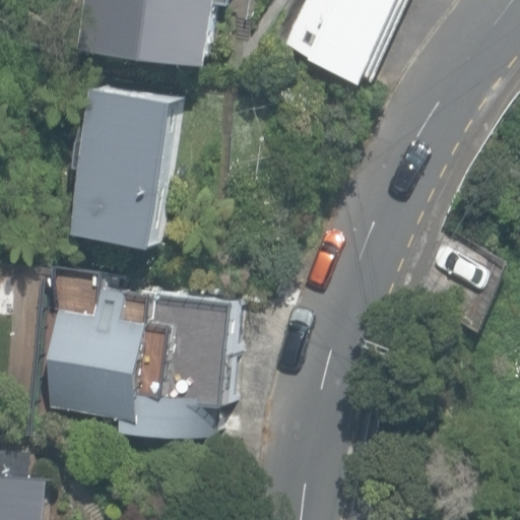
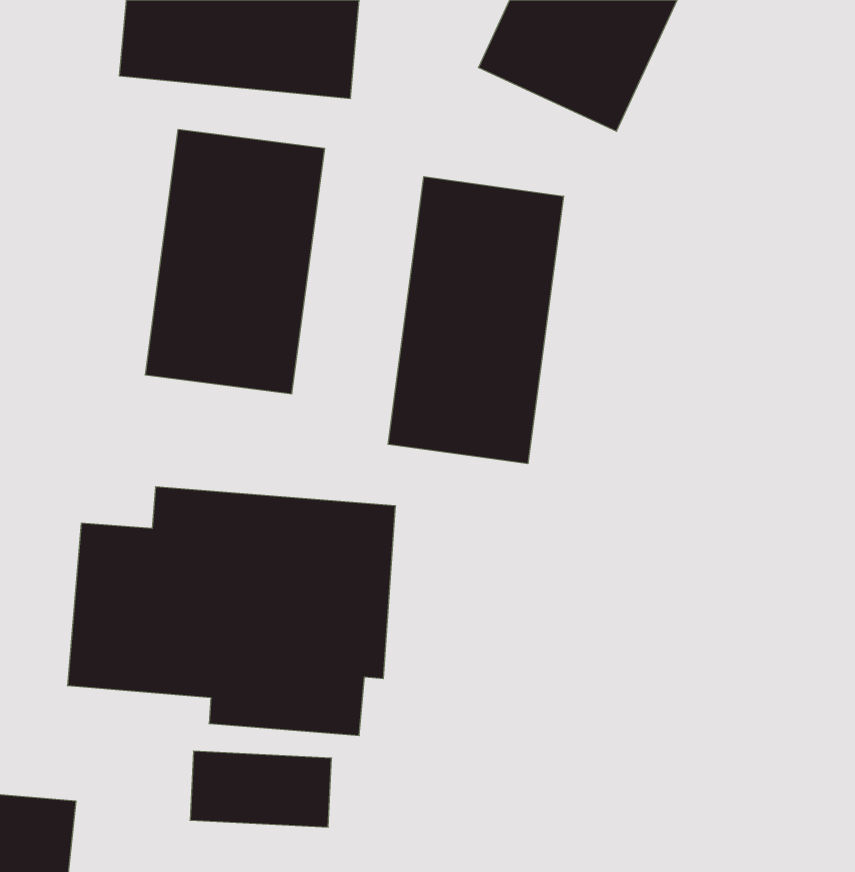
building: none -> [388,177,564,464]

